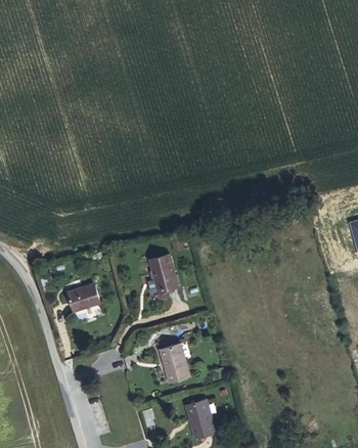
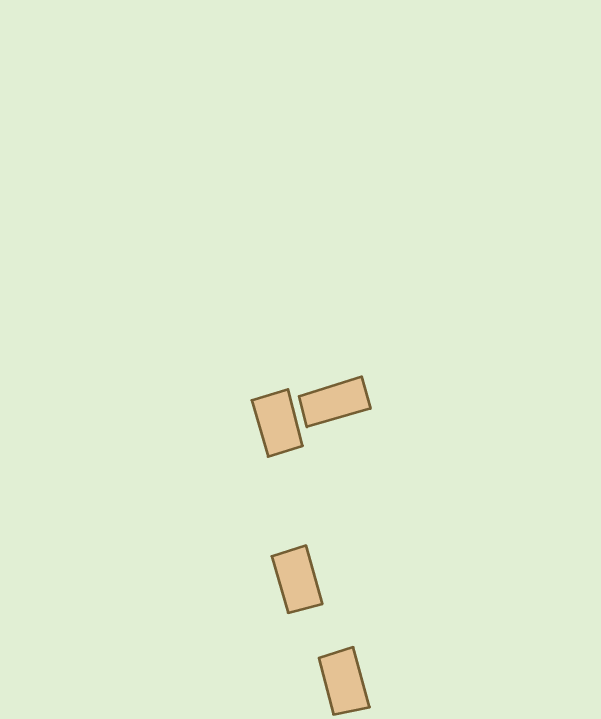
building: none -> [299,377,370,427]
building: [70,283,100,311] -> none

